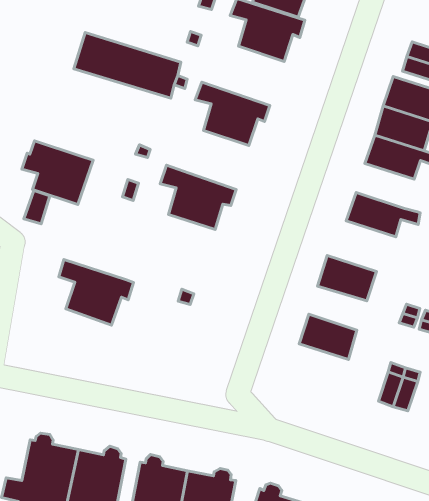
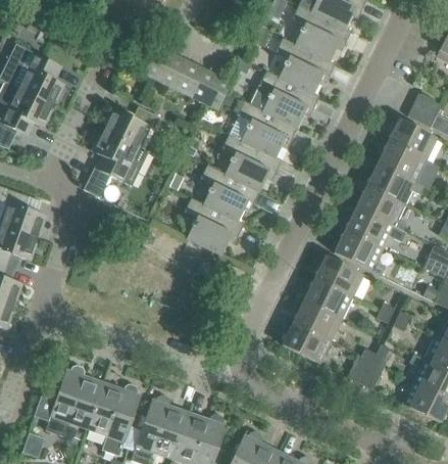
building: none -> [250,71,319,128]
building: none -> [104,105,161,146]
building: none -> [222,134,282,191]
building: none -> [356,185,406,230]
building: none -> [334,229,385,275]
building: [59,259,133,325] -> [185,197,244,256]
building: none -> [304,278,352,318]
building: none -> [283,322,331,363]

